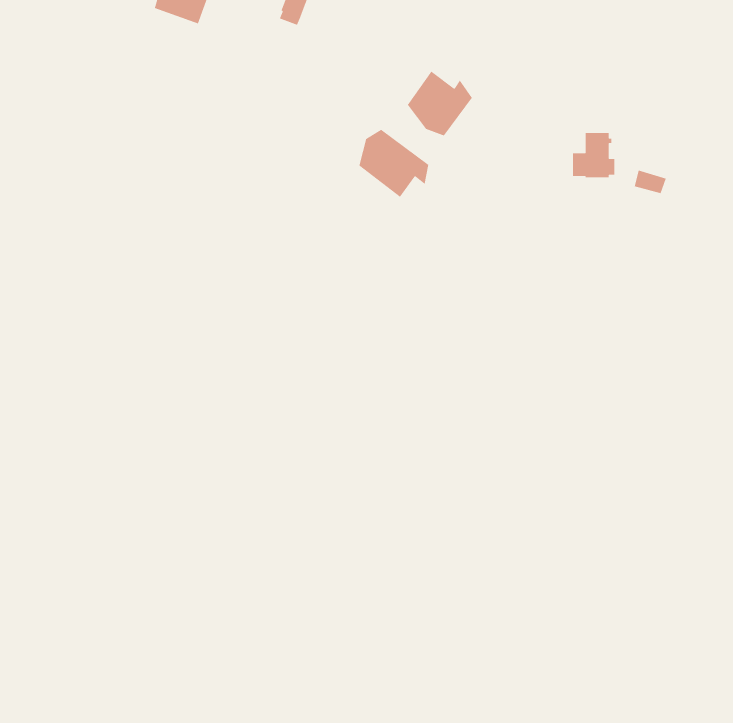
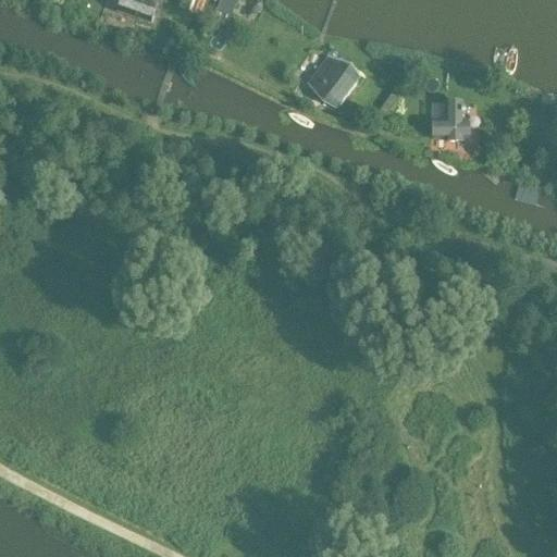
building: [358,129,429,198] -> none

